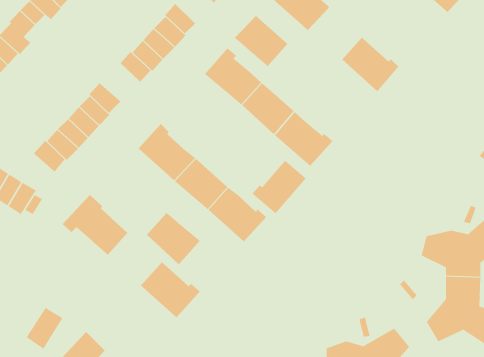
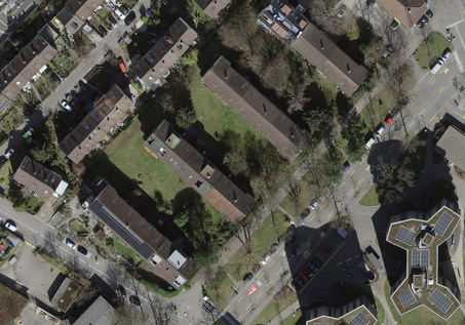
building: [234,15,288,67] -> [289,23,336,67]
building: [252,160,307,214] -> none
building: [146,212,200,265] -> [119,214,165,259]

